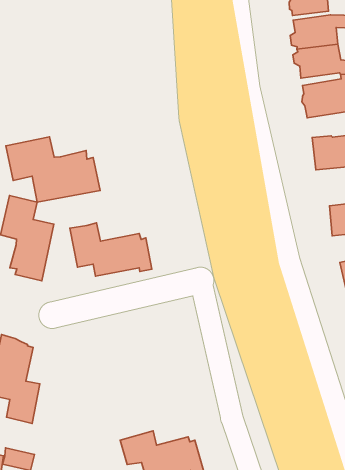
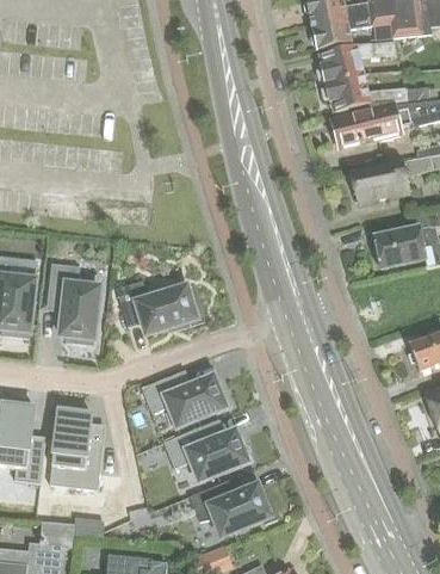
building: [6,137,100,202] -> none
building: none -> [144,376,229,428]
building: none -> [166,431,250,482]

